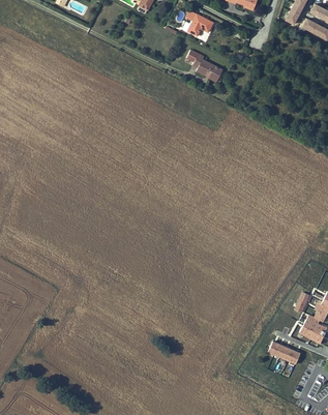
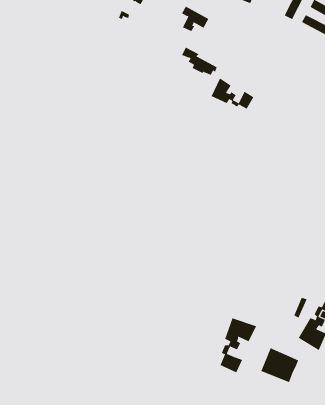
building: none -> [211,78,254,110]
building: none -> [220,317,257,373]

